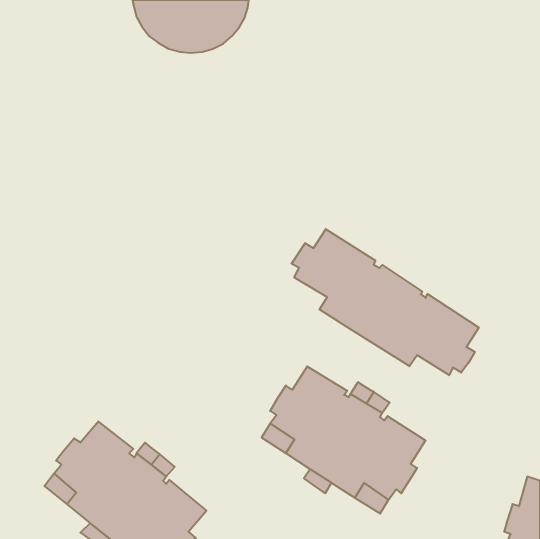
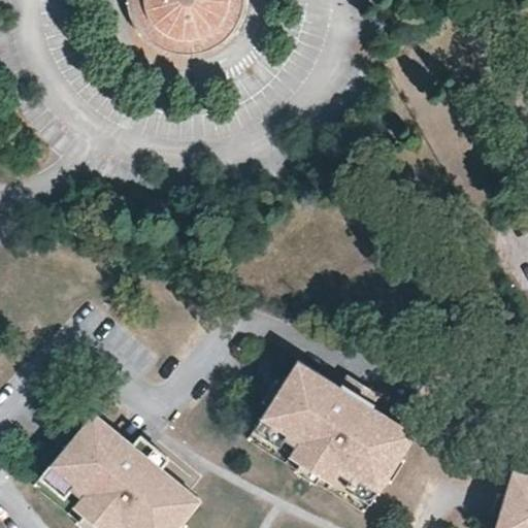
building: [292,229,479,375] -> none

